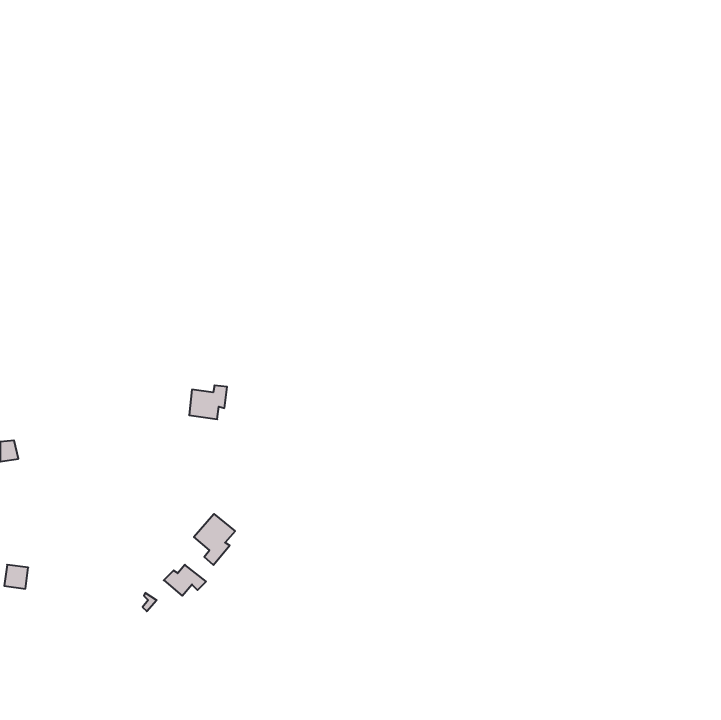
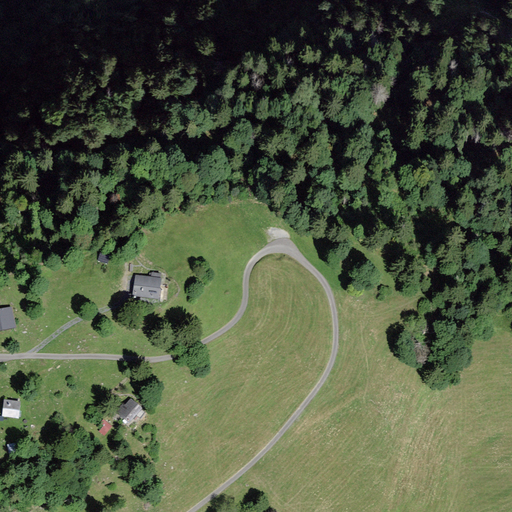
building: [194,514,235,565] -> none

